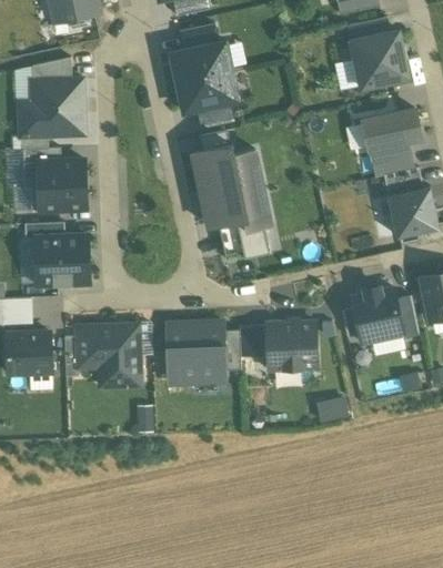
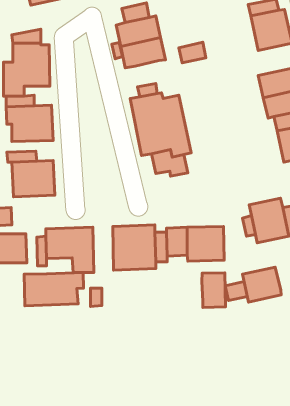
building: [197,100,233,128] -> [179,42,206,63]
building: none -> [243,267,281,302]
building: none -> [24,273,83,306]
building: none -> [202,273,226,307]

